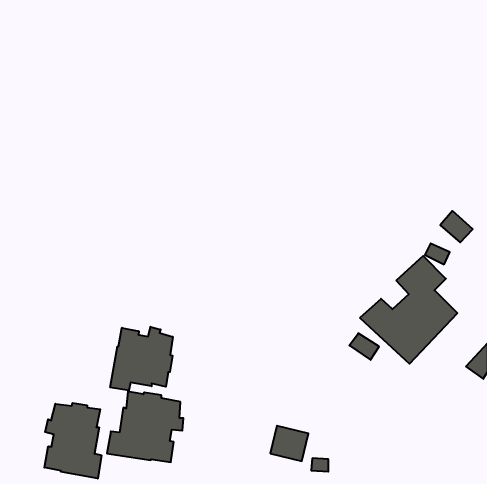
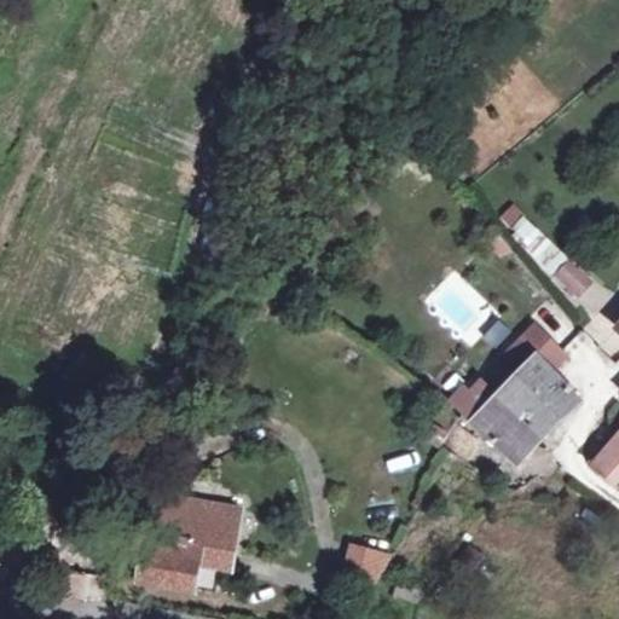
building: [110,327,173,390] -> none
building: [44,403,101,479] -> none

